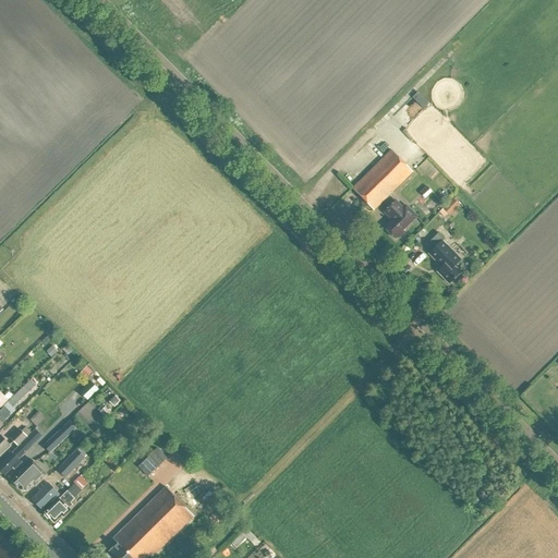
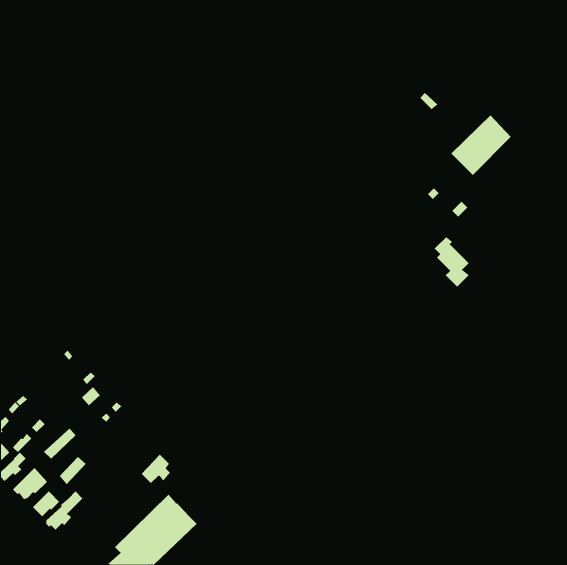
building: [352,149,412,209] -> [450,115,512,176]
building: [384,199,416,236] -> none

